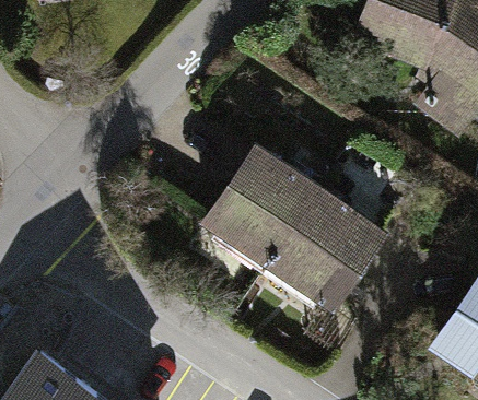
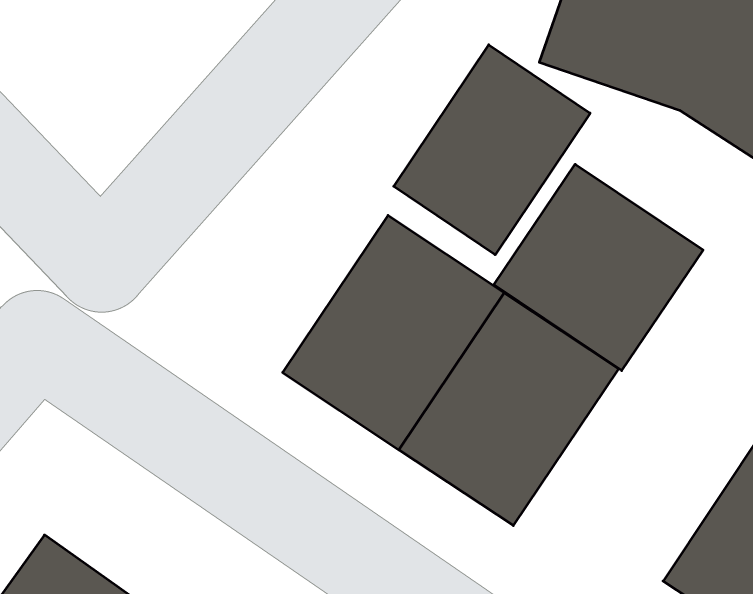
building: none -> [394,45,590,255]
building: none -> [494,164,703,371]

